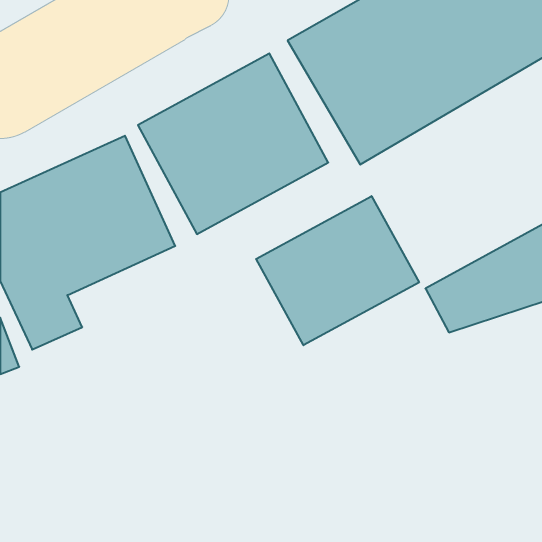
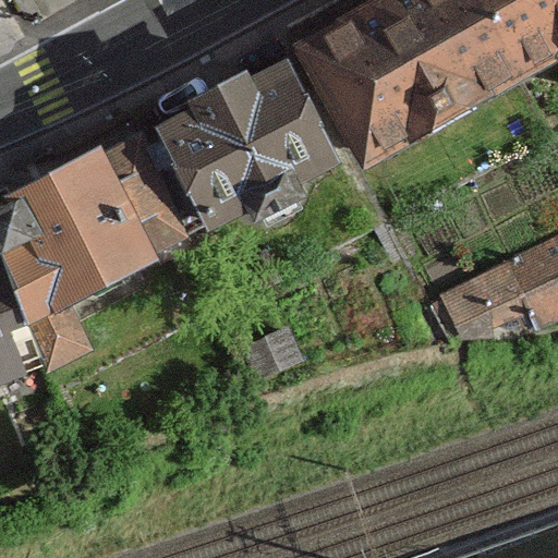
building: [256,196,419,345] -> none

